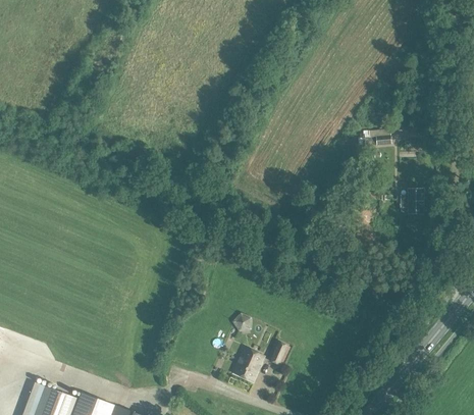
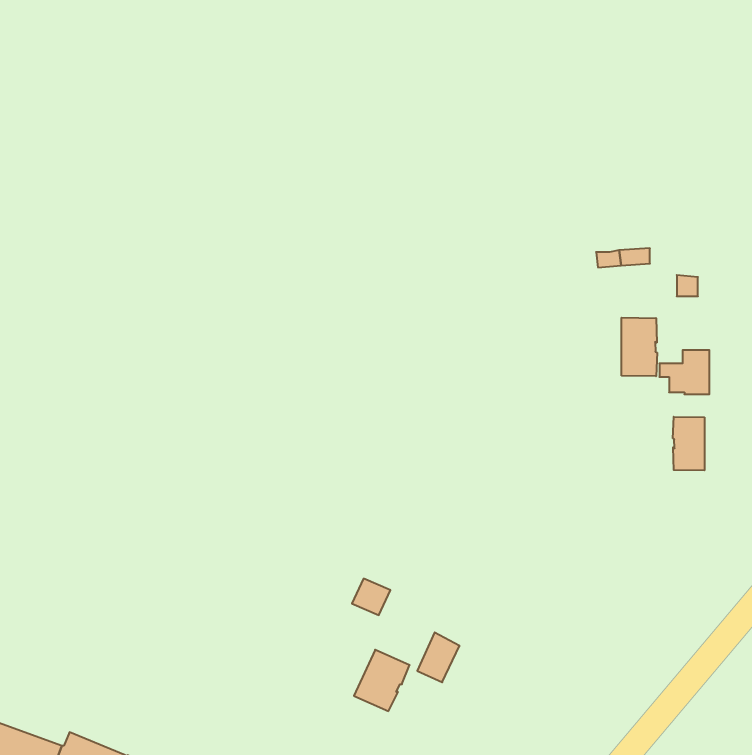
building: none -> [622,318,657,376]
building: none -> [673,417,704,470]

